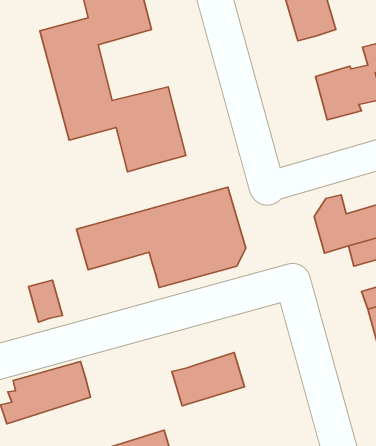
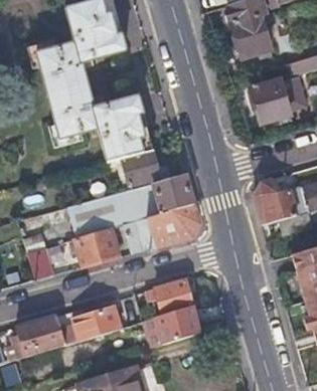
building: none -> [123,148,159,183]
building: none -> [74,224,125,266]
building: none -> [141,278,190,314]
building: none -> [72,302,132,339]

